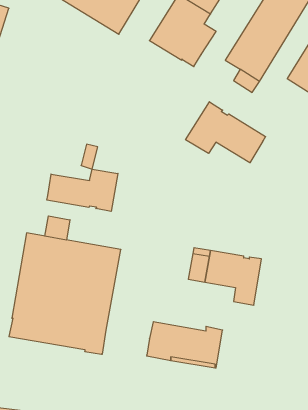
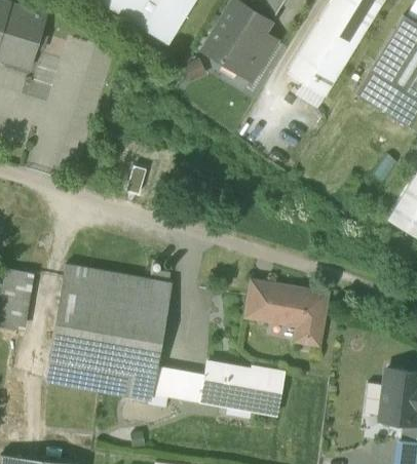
building: [186,102,266,163] -> none
building: [47,169,118,211] -> none
building: [45,216,70,240] -> none
building: none -> [149,373,203,405]

